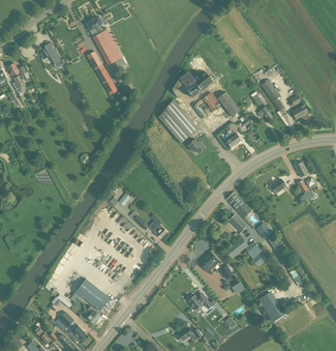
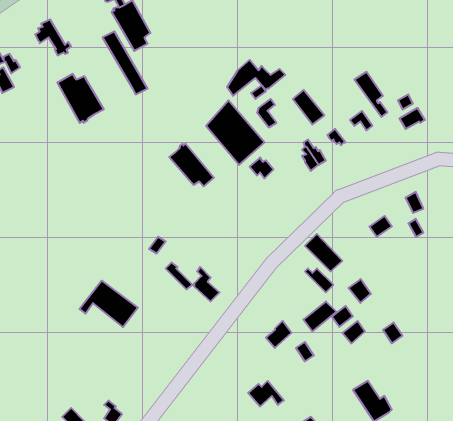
building: none -> [57,74,104,123]
building: none -> [169,144,214,186]
building: [69,279,110,311] -> [79,281,138,327]

